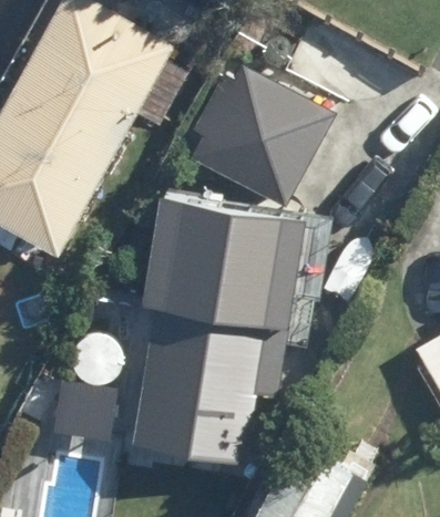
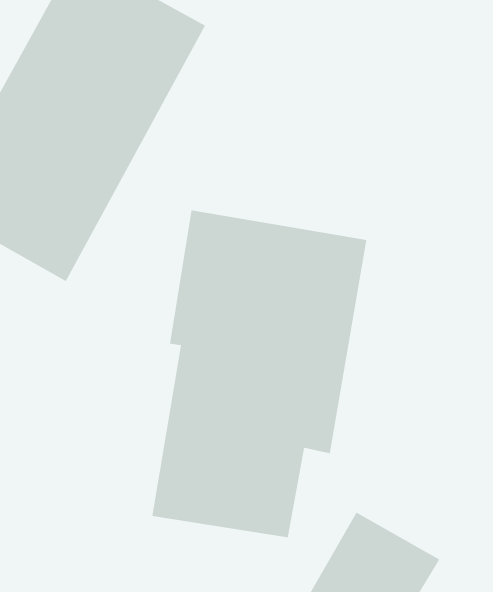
building: [183,79,318,209] -> none

